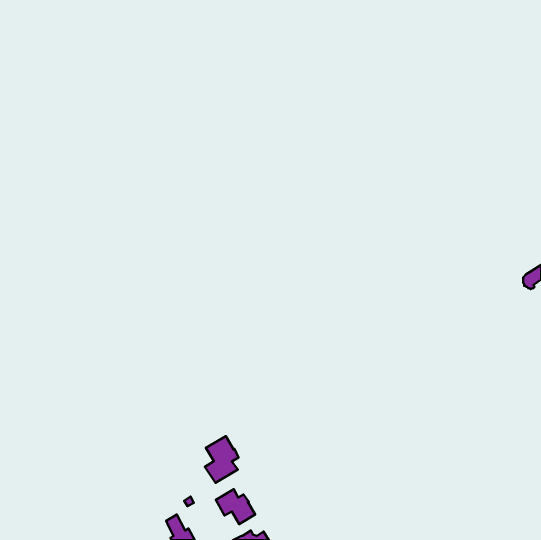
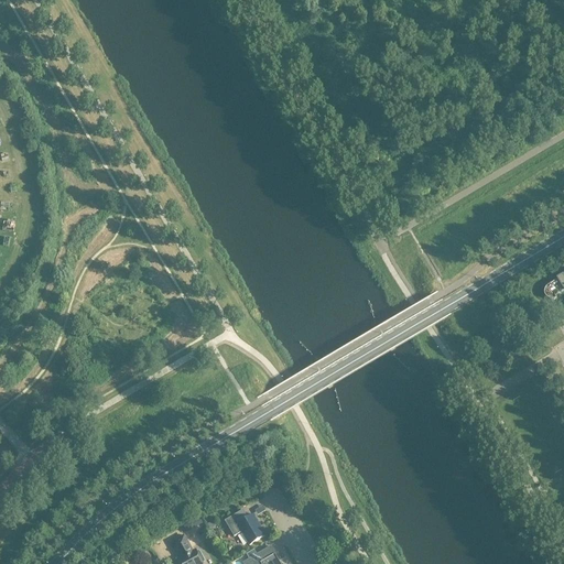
building: [205,436,239,483] -> none

